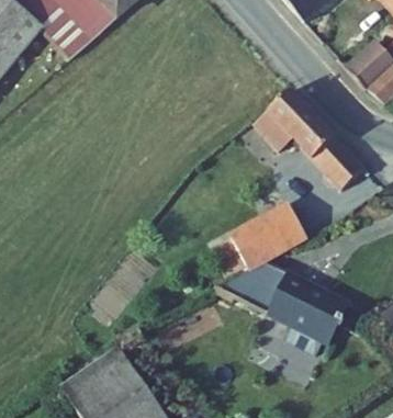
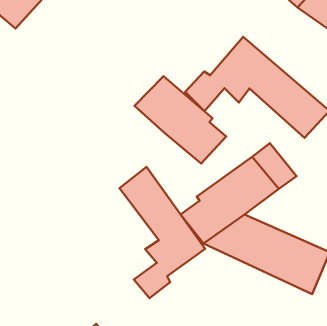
building: none -> [135,76,226,164]
building: none -> [120,167,205,298]

